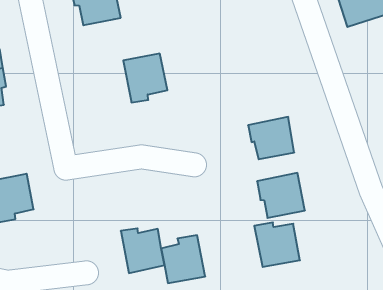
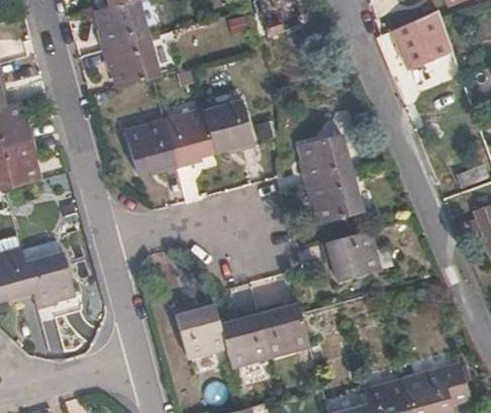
building: none -> [204,103,257,153]
building: none -> [127,123,177,175]
building: none -> [301,133,350,185]
building: [254,222,300,267] -> [259,304,311,353]

